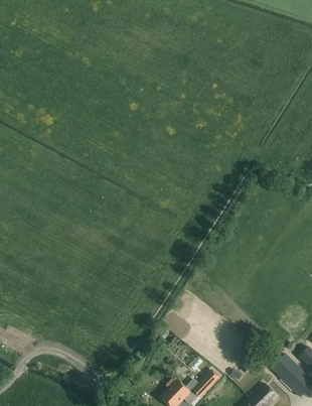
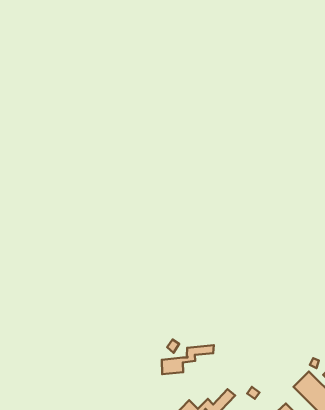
building: none -> [162,345,214,374]

